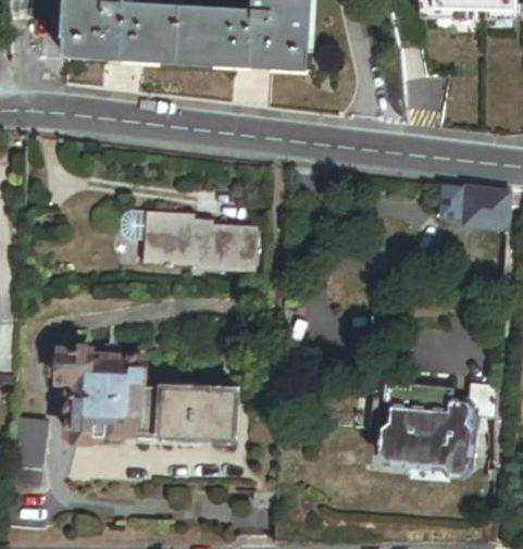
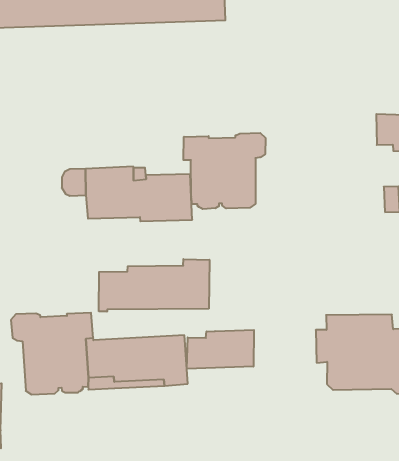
building: none -> [183,133,265,209]
building: none -> [99,259,209,312]
building: none -> [187,330,254,369]

